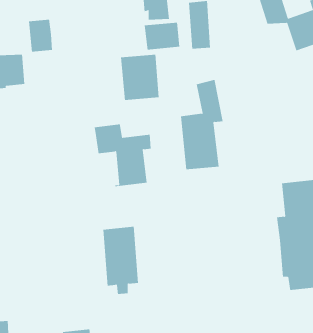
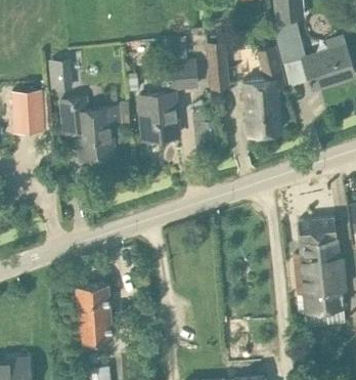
building: [180,79,224,170] -> [241,45,284,135]
building: [94,124,152,187] -> [60,97,118,160]
building: [103,226,139,294] -> [77,283,113,350]

